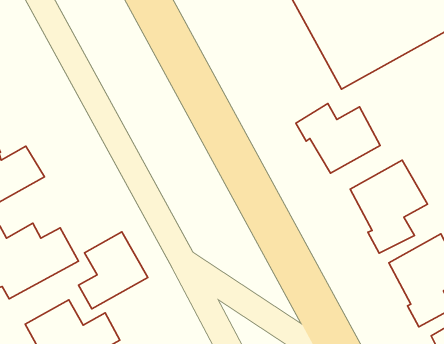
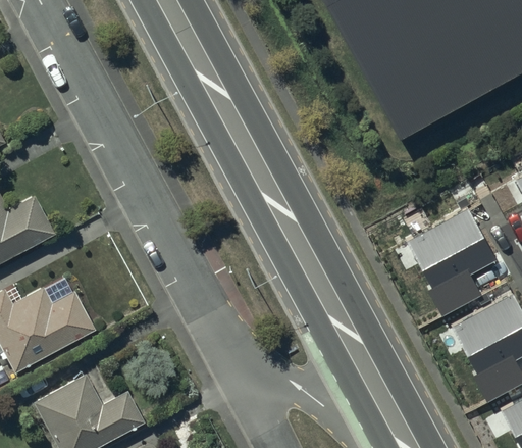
building: [296,104,380,173] -> none
building: [78,232,148,309] -> none

